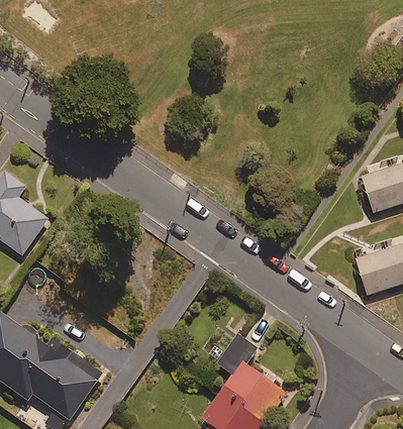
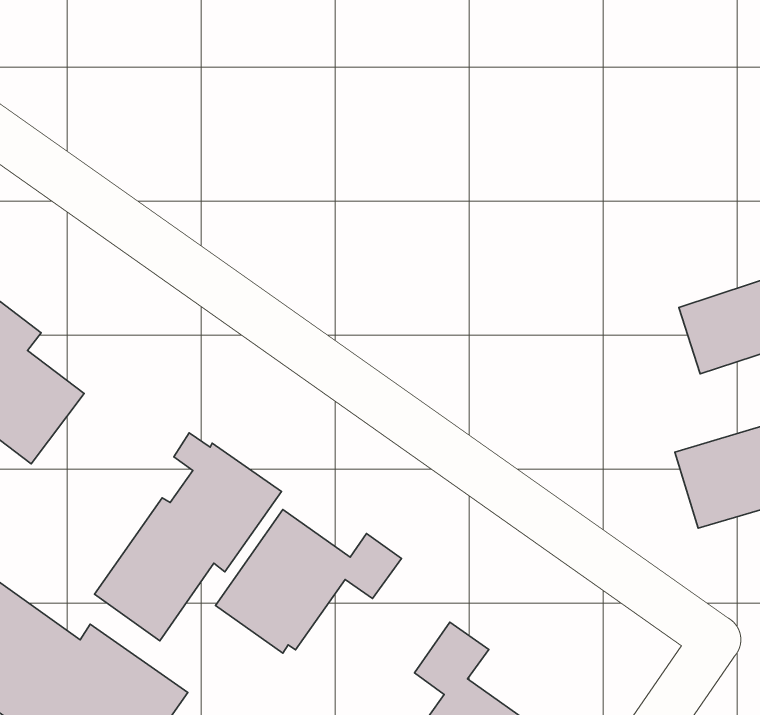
building: none -> [94,433,281,641]
building: none -> [216,509,401,653]

